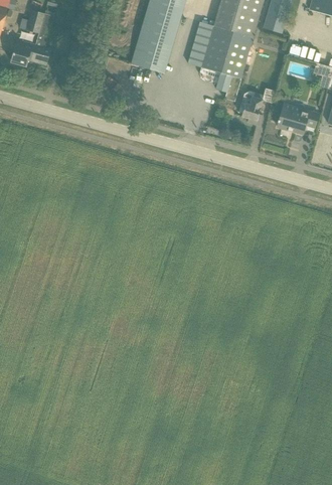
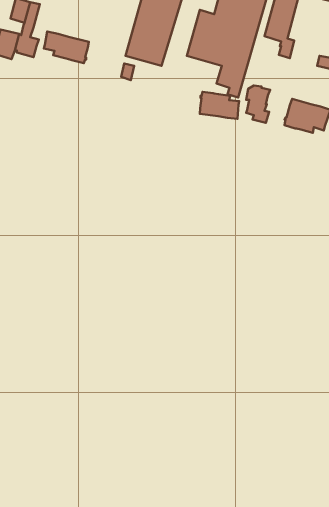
building: none -> [44,31,89,63]
building: none -> [200,92,239,119]

